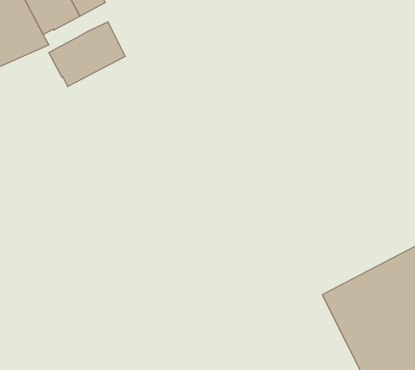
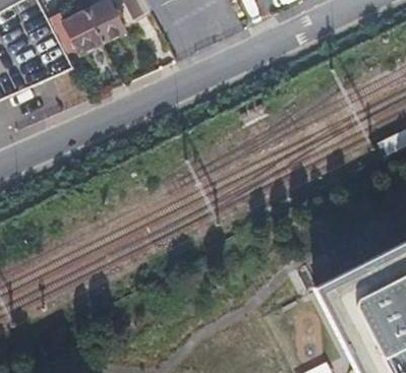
building: [49,22,125,87] -> none

